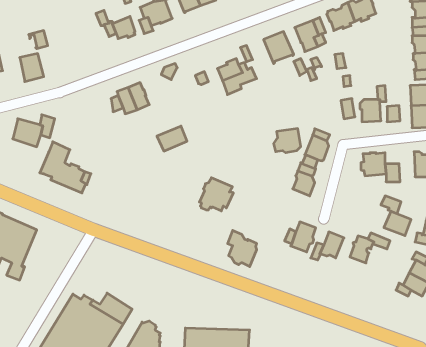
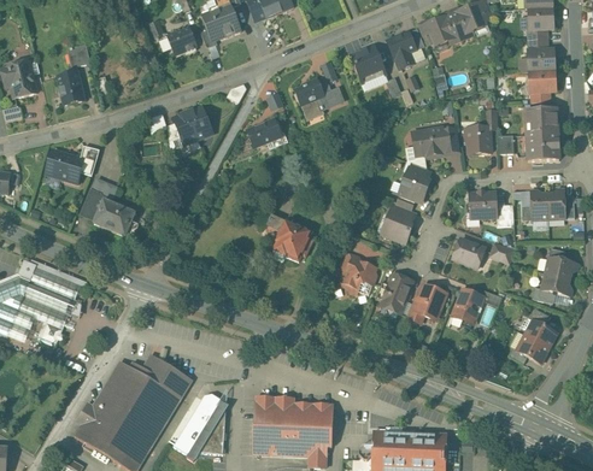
building: [157,126,187,151] -> [246,118,282,148]
building: [274,129,301,153] -> [413,128,446,157]
building: [384,211,411,236] -> [452,239,485,267]
building: [228,230,257,267] -> [341,252,376,295]

